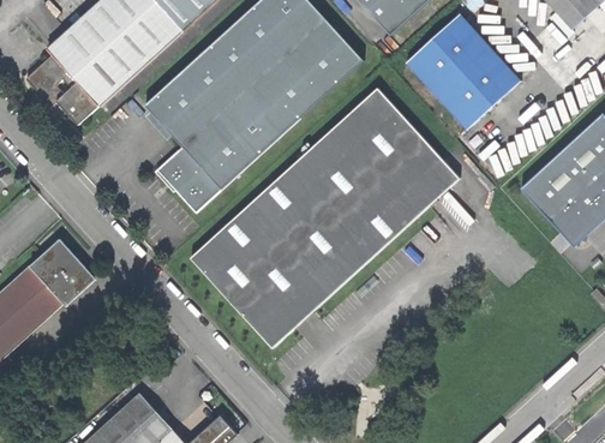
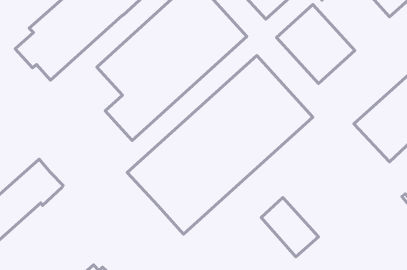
building: none -> [261,197,318,257]

